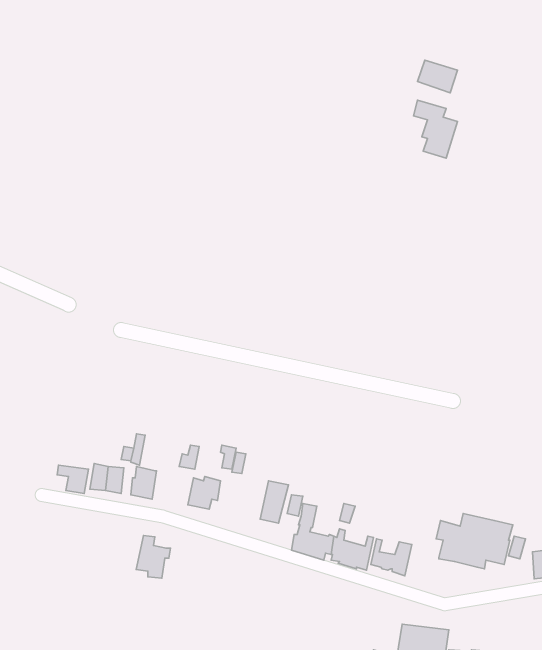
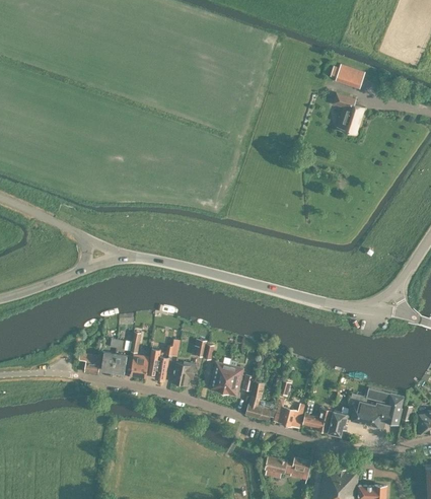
building: none -> [209,360,229,391]
building: [136,536,170,578] -> [147,349,171,379]
building: none -> [328,406,354,435]
building: none -> [265,455,311,479]

